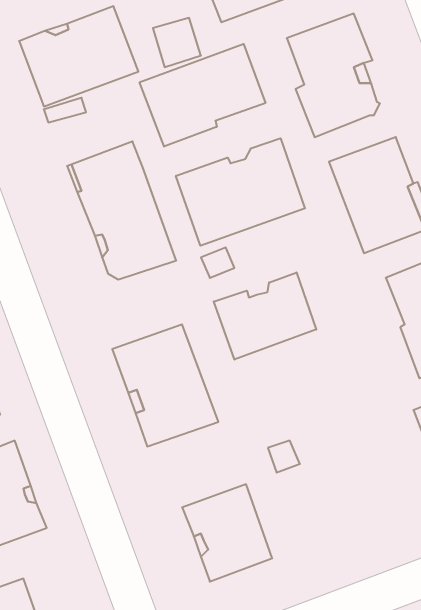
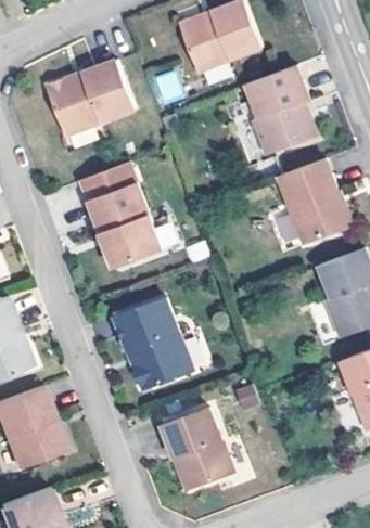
building: [140,44,265,147] -> none
building: [176,138,305,246] -> none
building: [214,272,316,360] -> none

